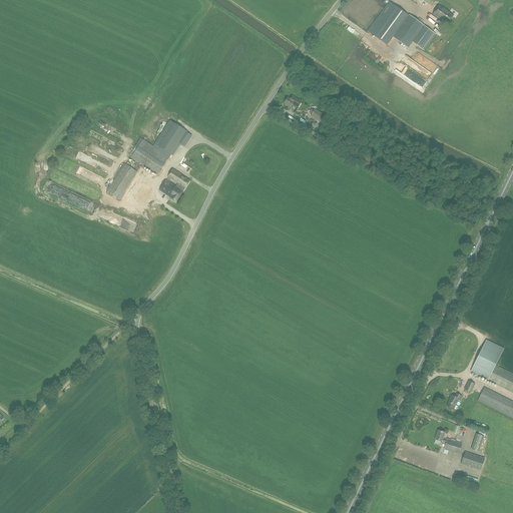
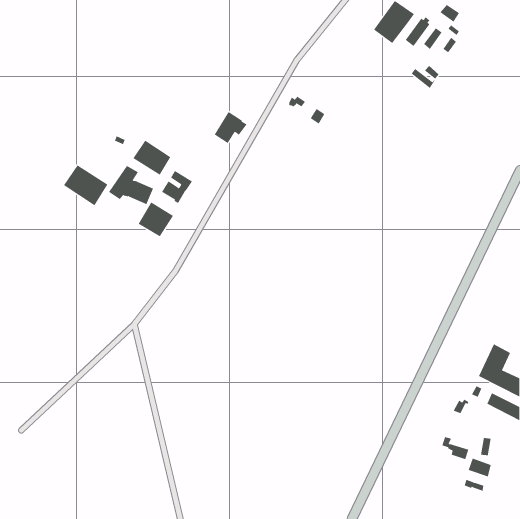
building: [158,121,191,153] -> [214,111,247,144]
building: none -> [63,164,108,206]
building: none -> [138,201,174,237]

